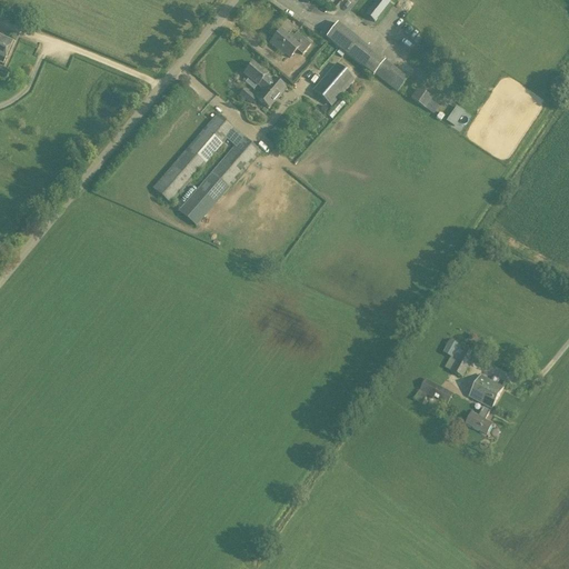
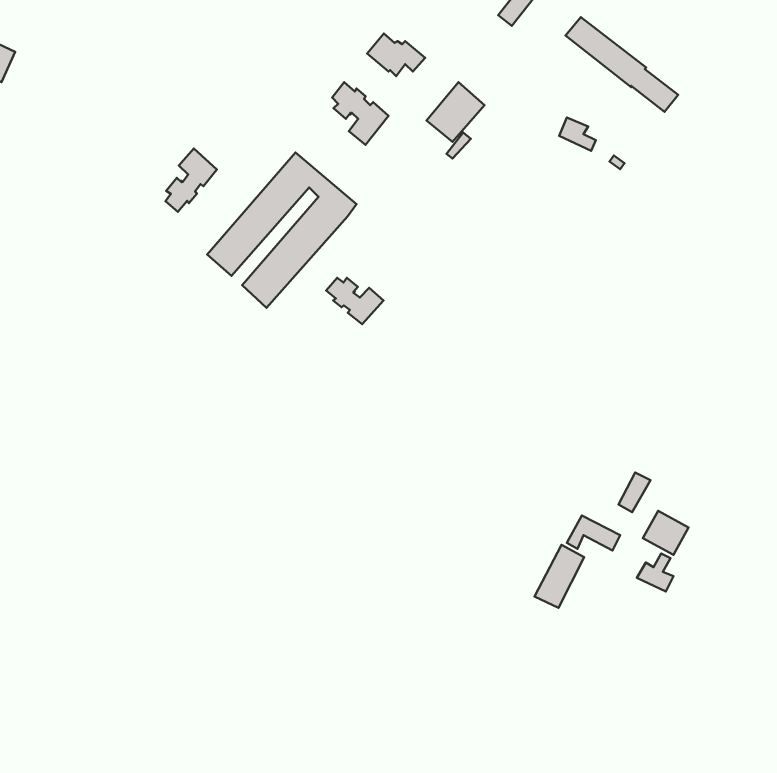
building: [325,20,407,89] -> [565,17,678,112]
building: none -> [165,149,217,212]
building: none -> [326,278,384,324]
building: none -> [535,545,584,608]

